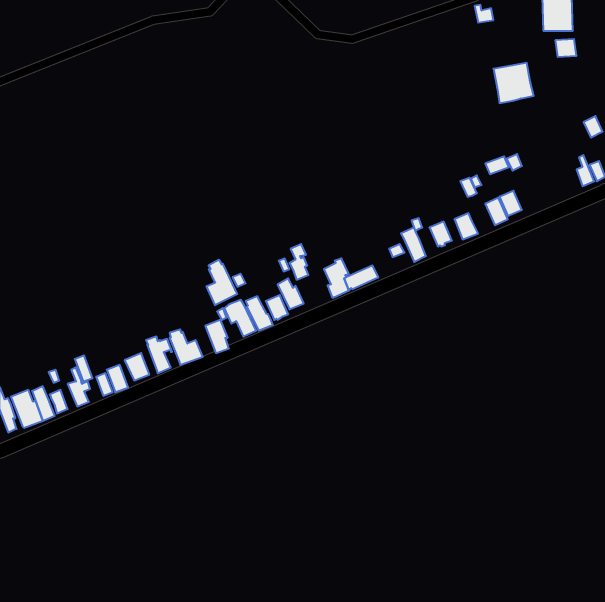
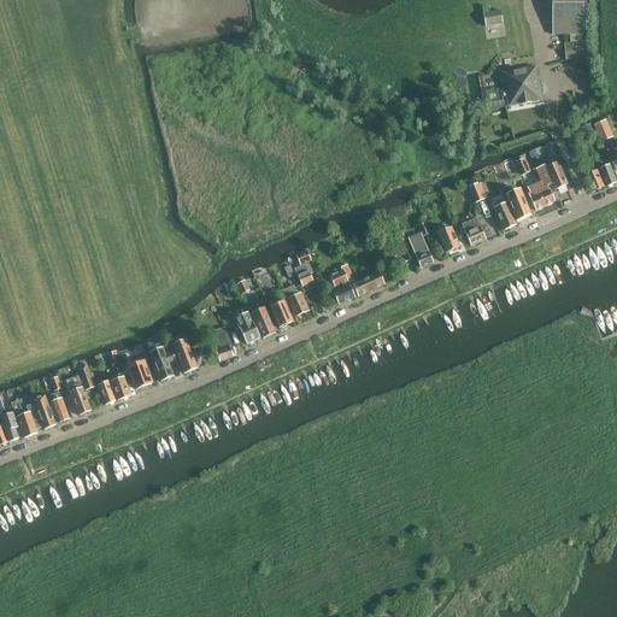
building: none -> [527,160,566,207]
building: [207,260,237,305] -> none

